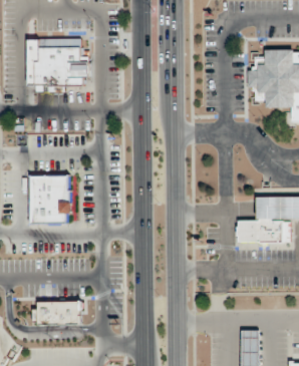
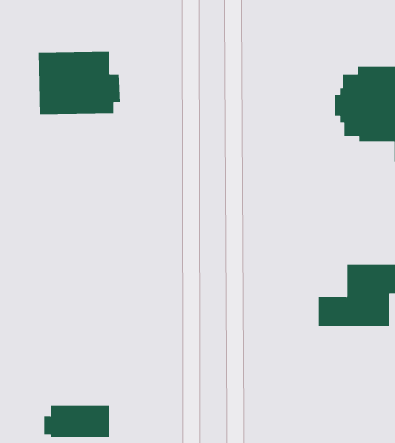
building: [30,174,73,224] -> none

